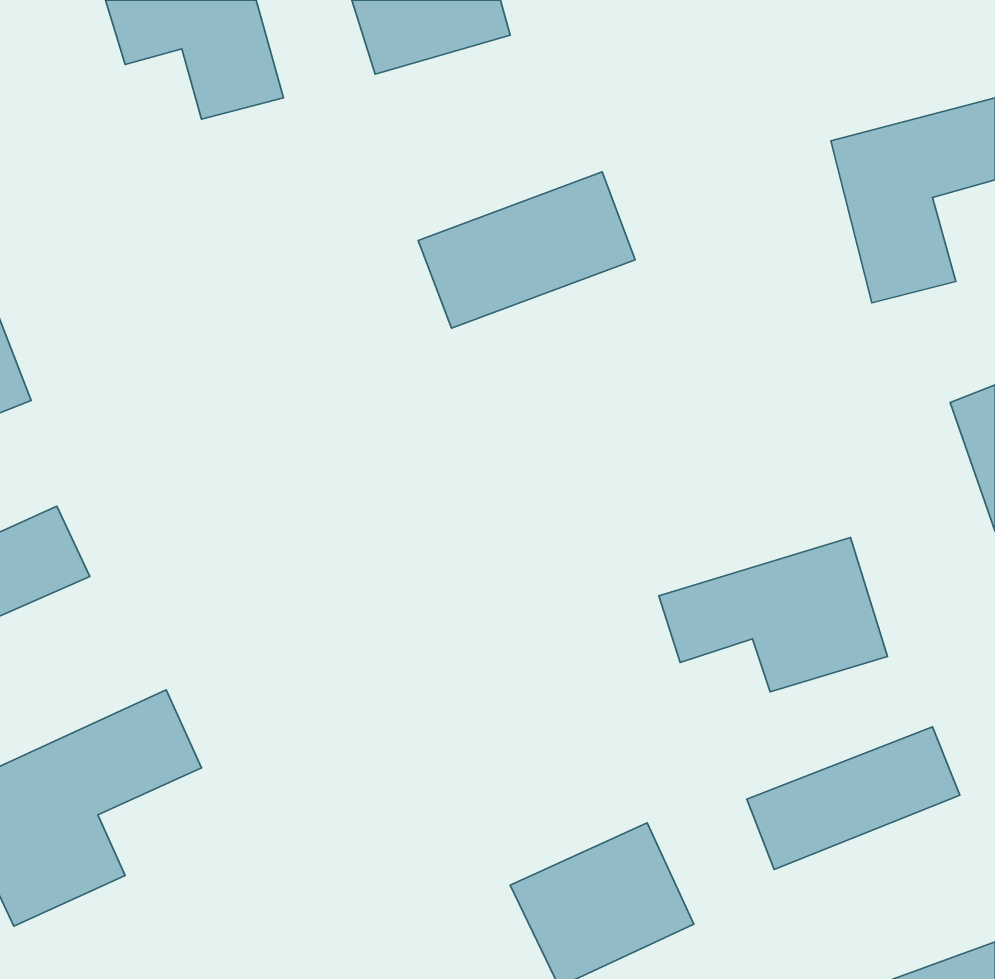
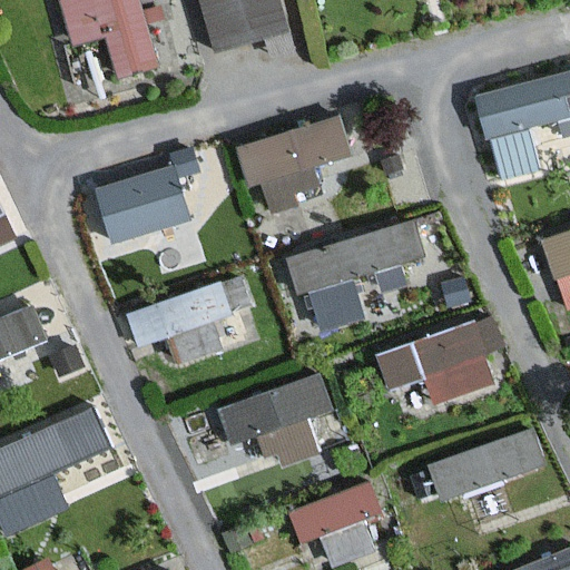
building: none -> [89,160,189,240]
building: none -> [283,220,431,324]
building: none -> [130,282,263,357]
building: none -> [228,373,334,474]

